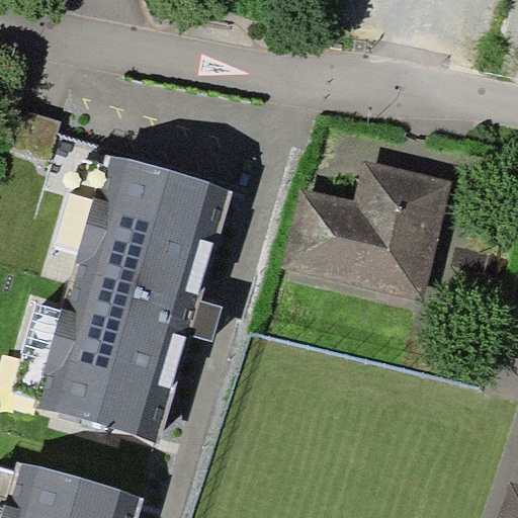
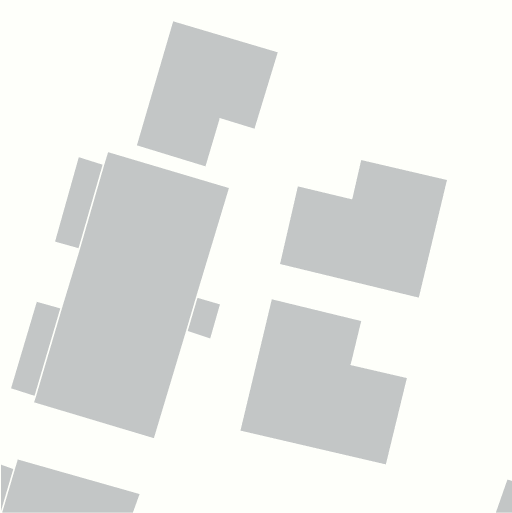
building: none -> [136,20,279,167]
building: none -> [240,298,407,465]

